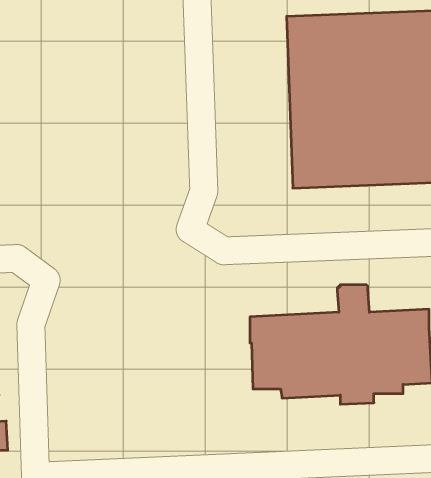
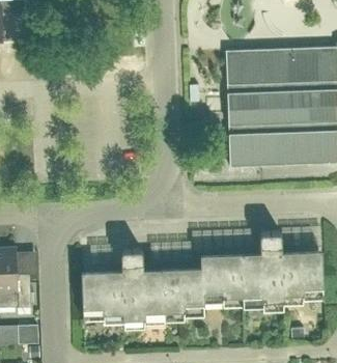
building: none -> [82,248,205,330]

